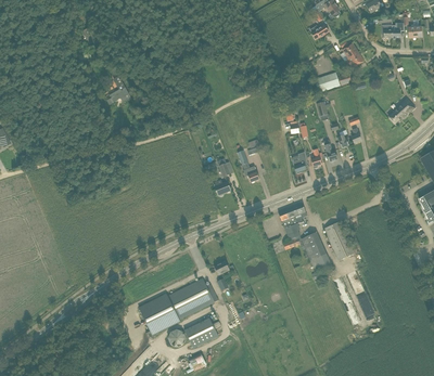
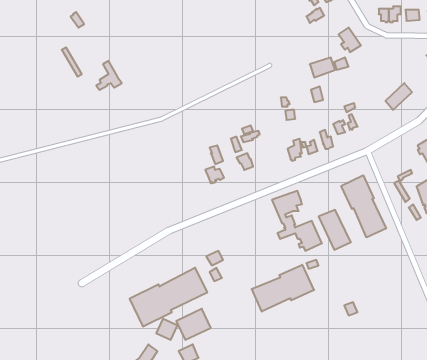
building: none -> [341,175,386,237]
building: none -> [252,265,314,312]

